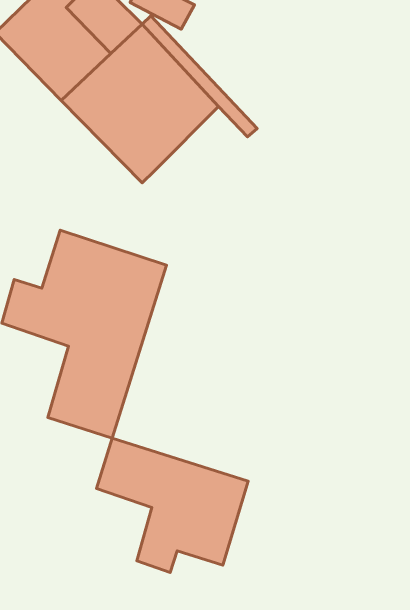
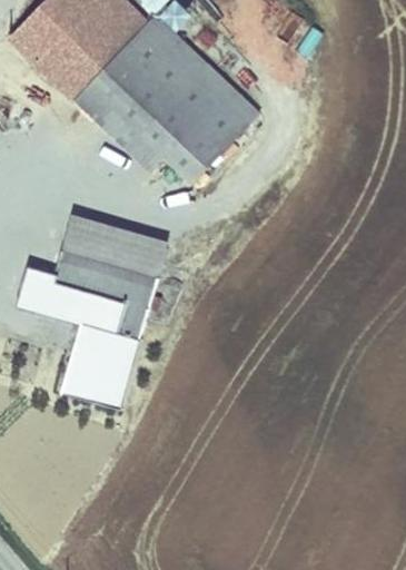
building: none -> [159,99,245,187]
building: [96,438,248,572] -> none

